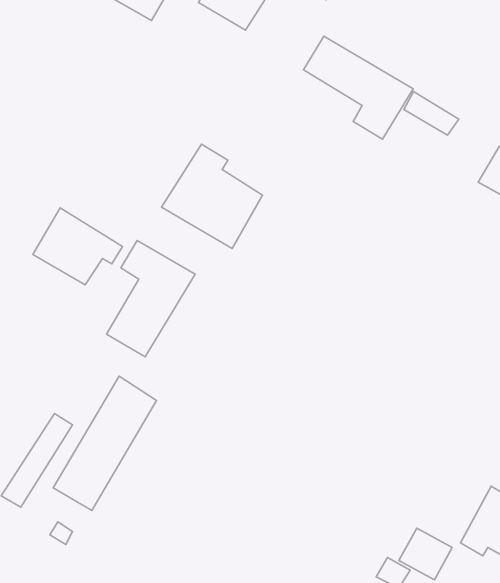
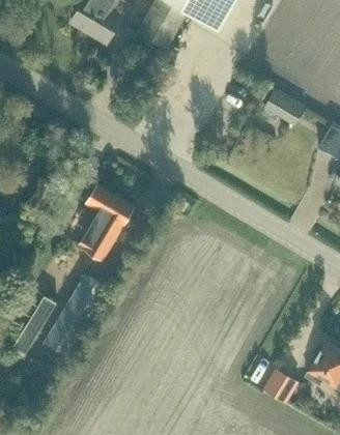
building: [303,36,413,139] -> none
building: [161,144,263,248] -> none
building: [33,208,123,285] -> none

